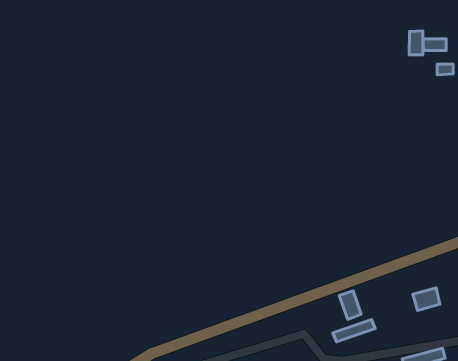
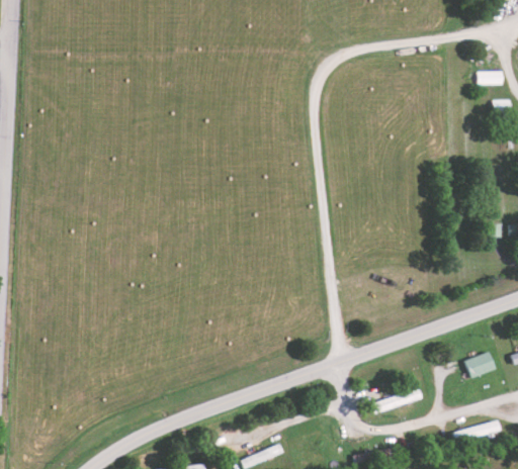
building: [409,31,423,55] -> none
building: [339,291,361,320] -> none

